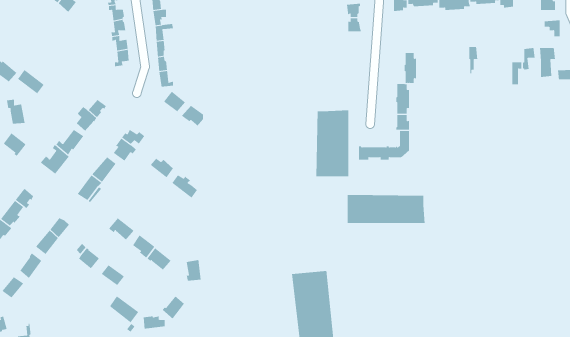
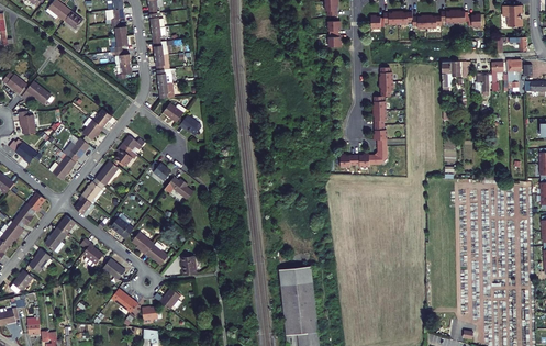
building: [316,109,349,177] -> none
building: [347,194,425,224] -> none

